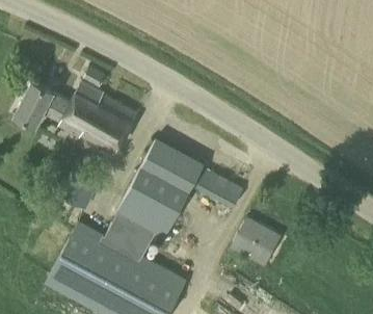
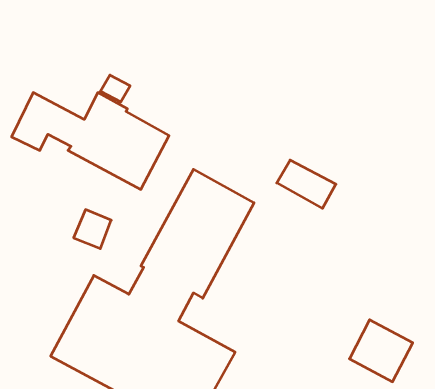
building: [197,171,243,208] -> [277,160,336,208]
building: [232,217,281,265] -> [349,320,413,382]

